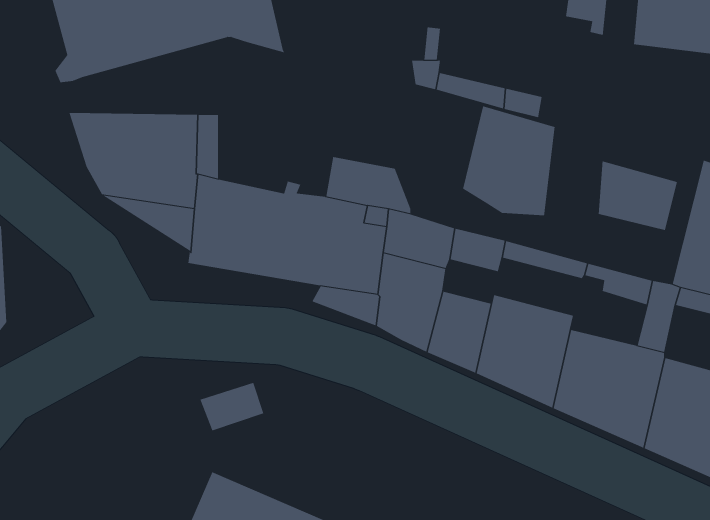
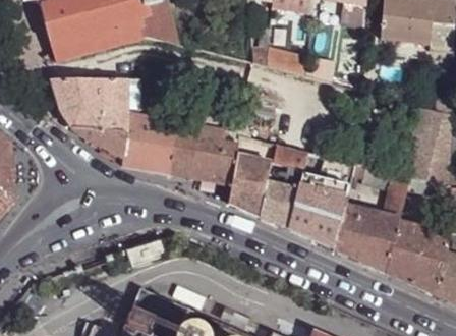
building: [463,106,555,216] -> none
building: [598,161,678,231] -> none

